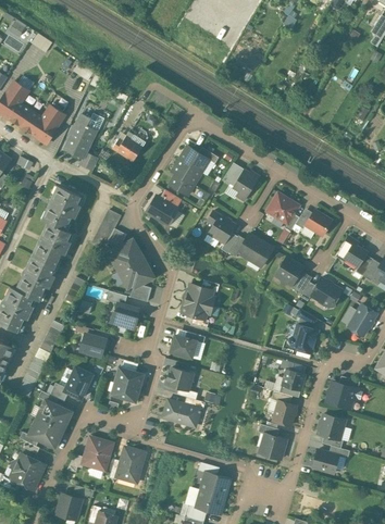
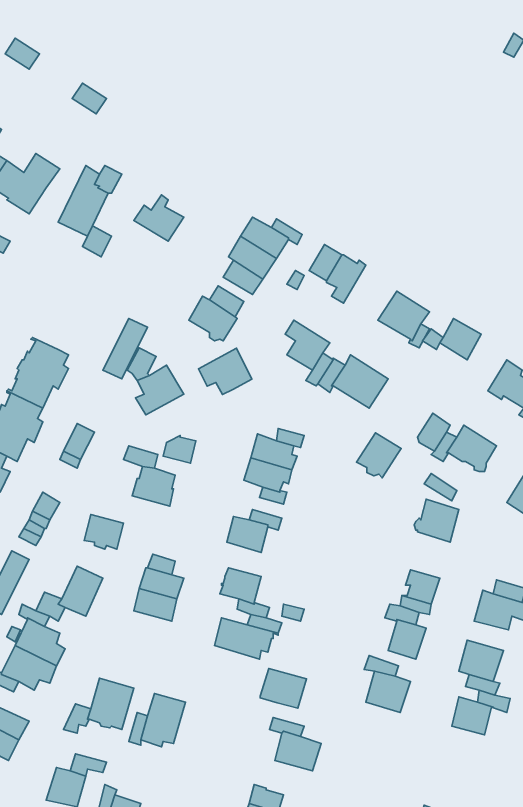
building: [45,186,80,230] -> none
building: [275,258,303,286] -> [356,433,401,478]
building: [120,259,153,288] -> [199,348,252,395]
building: [196,490,225,515] -> [260,668,307,708]

